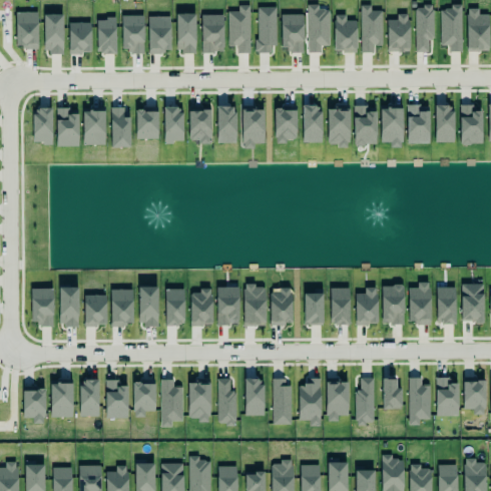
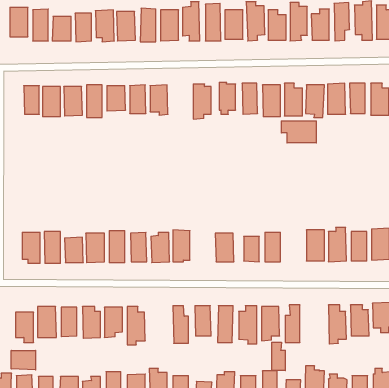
building: [217,106,236,143] -> none
building: none -> [281,121,316,143]
building: [243,286,267,327] -> none
building: [356,288,378,325] -> none
building: [382,374,402,407] -> none
building: [187,379,211,421] -> none
building: none -> [272,342,285,371]
building: none -> [11,350,36,370]

